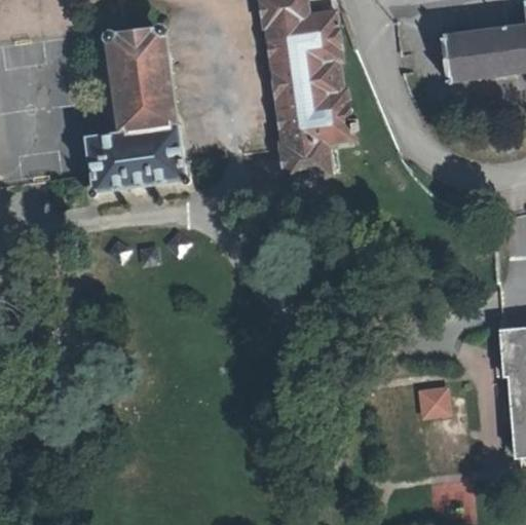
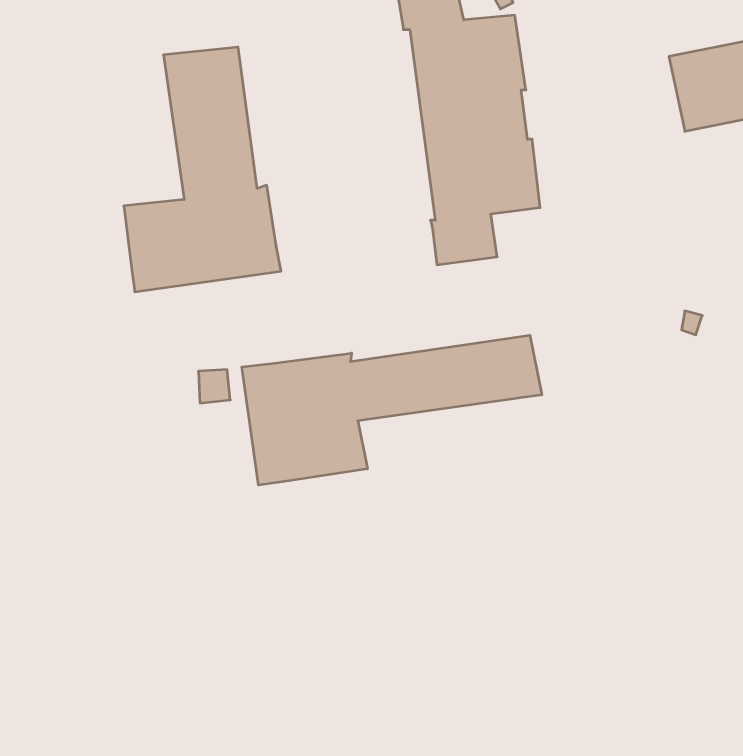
building: none -> [242,335,542,485]
building: [414,382,448,415] -> none

